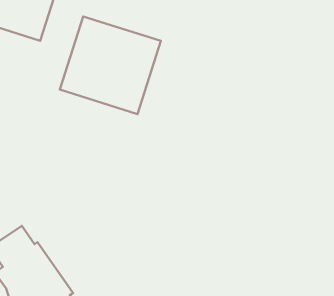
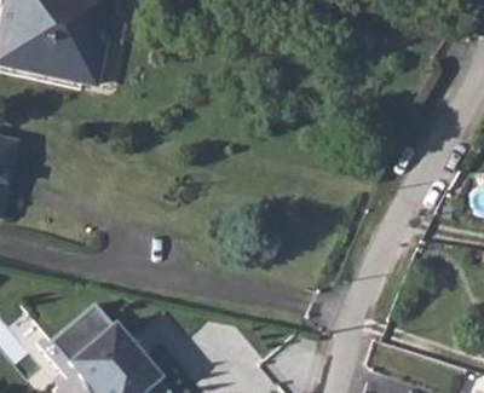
building: [60,16,161,114] -> none

